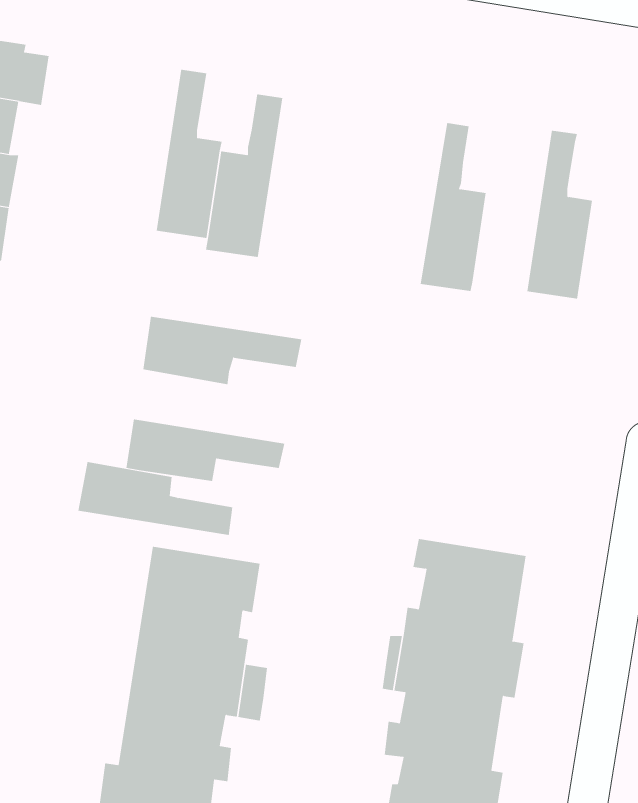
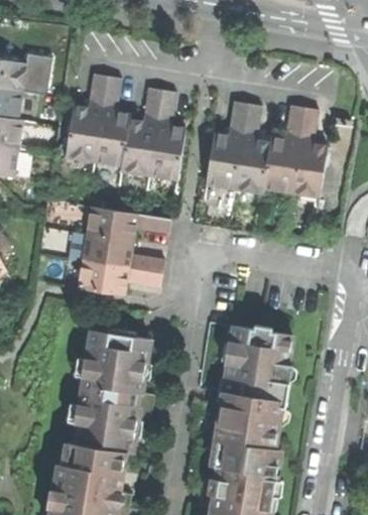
building: none -> [66,74,107,161]
building: none -> [148,91,185,180]
building: none -> [204,101,248,189]
building: none -> [262,105,303,194]
building: [77,461,233,536] -> [82,235,164,274]

